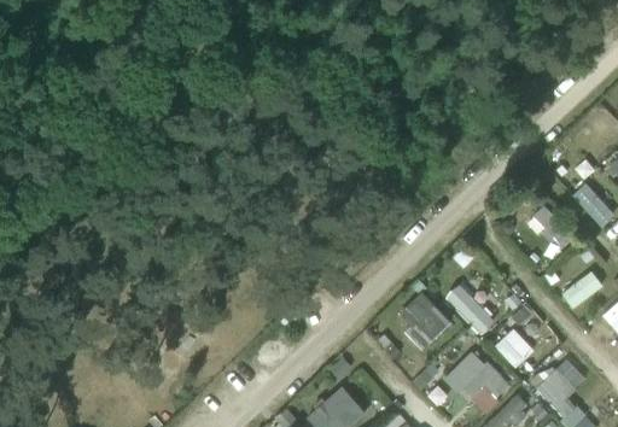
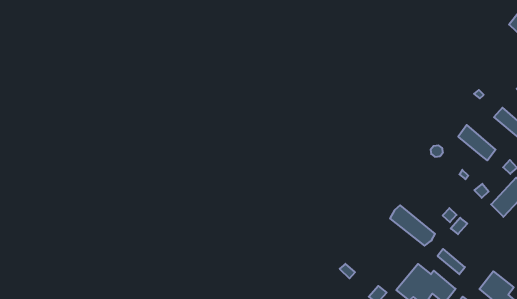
building: [401,293,451,341] -> none

